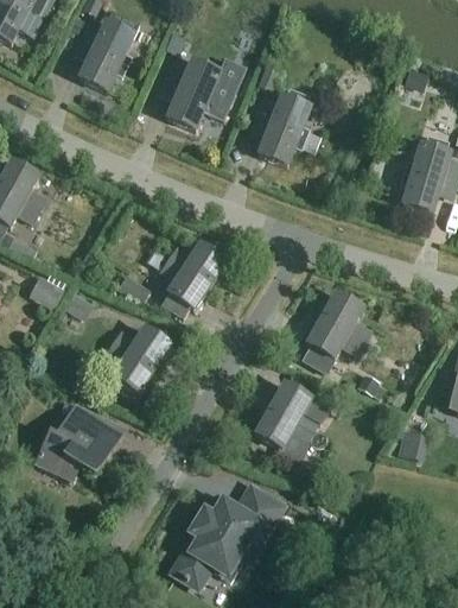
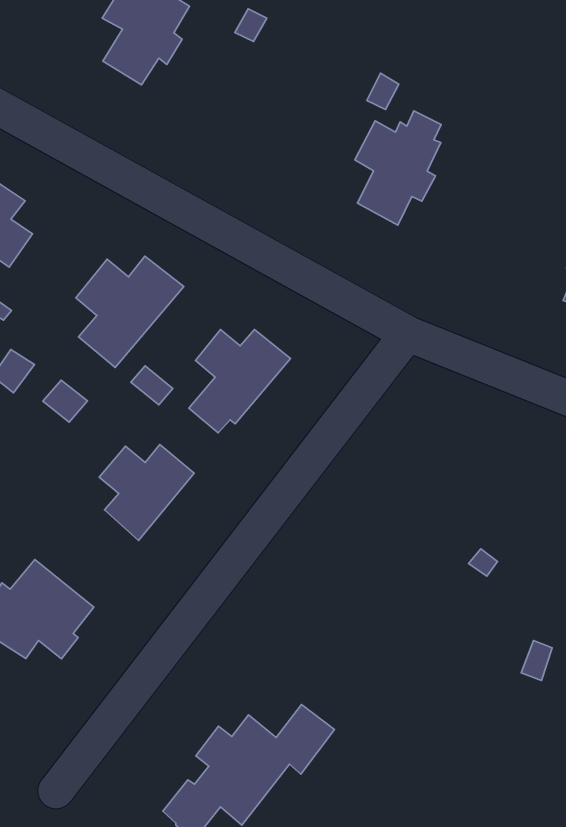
building: [163,58,238,127] -> none
building: none -> [76,256,184,368]
building: [304,291,369,369] -> none
building: [255,381,330,460] -> none

